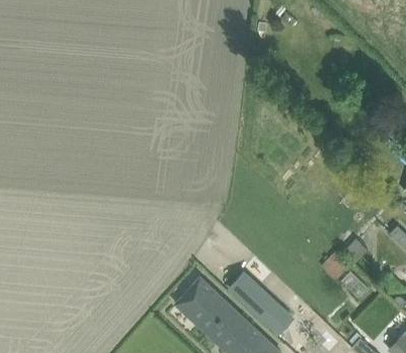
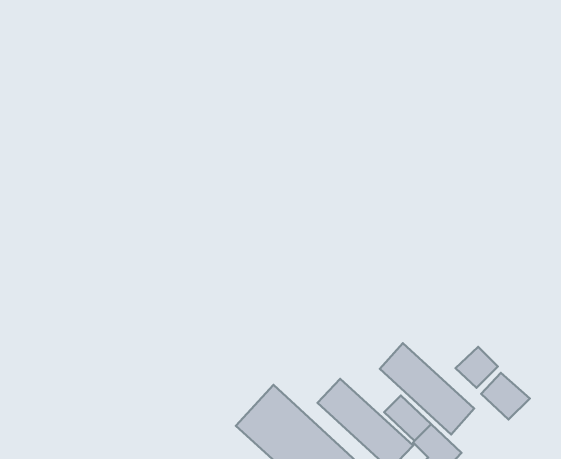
building: none -> [380,343,474,434]

